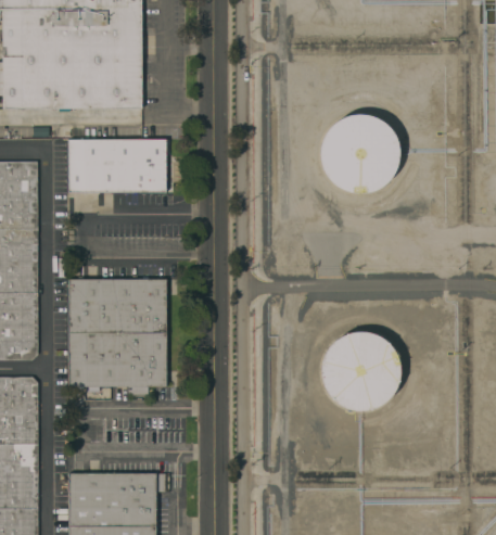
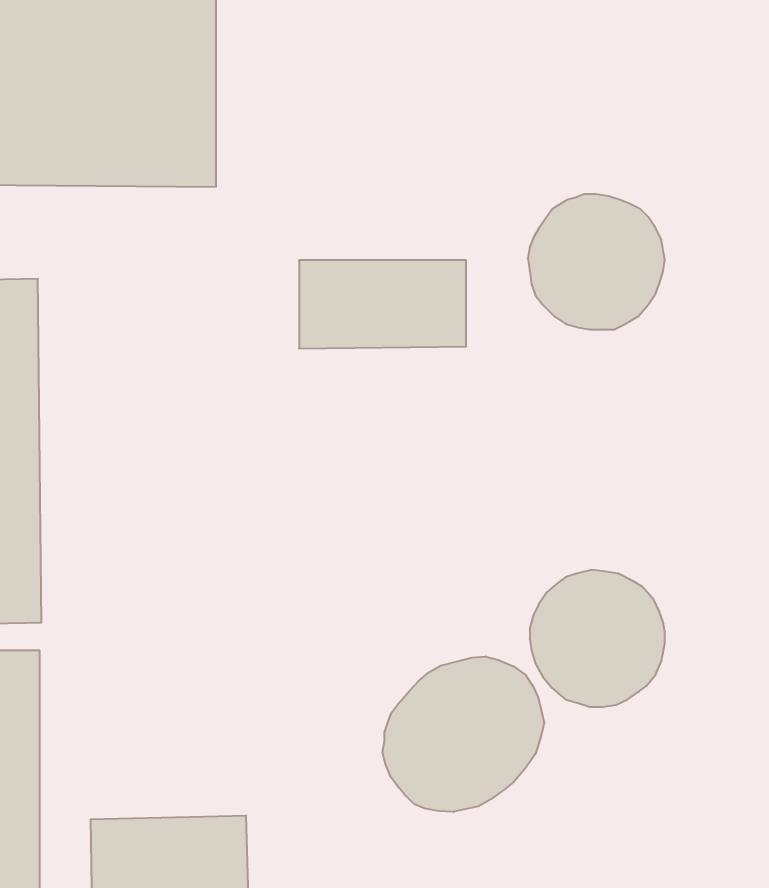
building: [68,141,165,192] -> [299,260,466,348]
building: [68,278,169,386] -> none
building: none -> [383,656,544,812]

